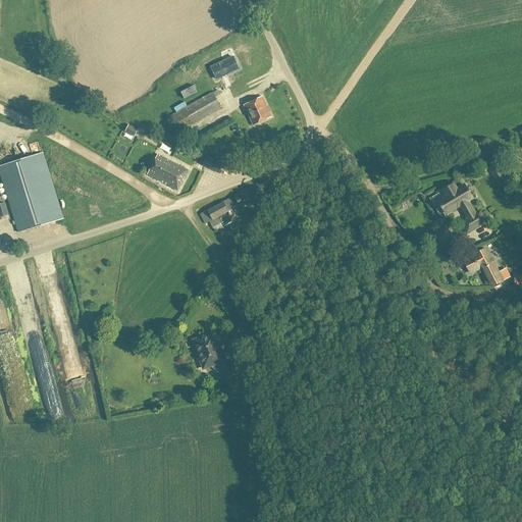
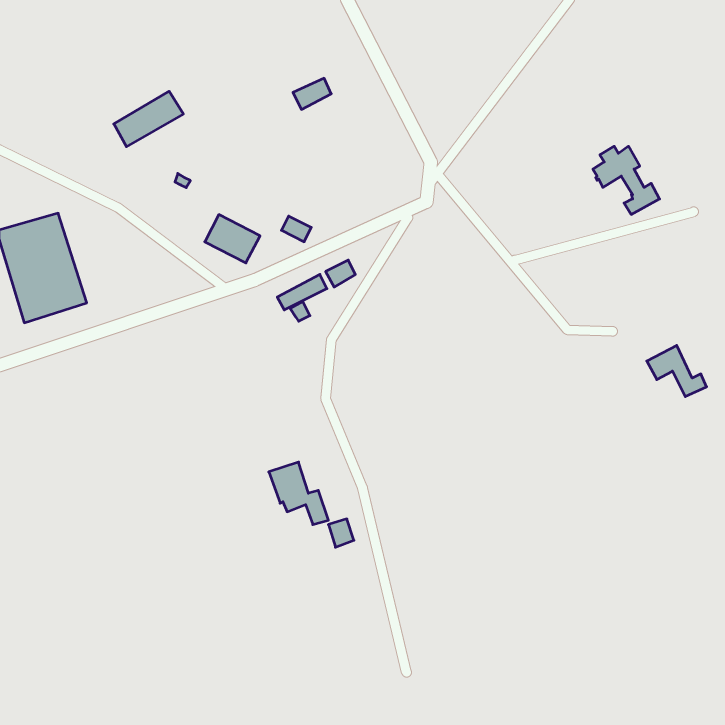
building: [171,92,221,132] -> [114,91,183,147]
building: [243,96,271,125] -> none
building: [437,184,485,232] -> [593,146,660,214]

